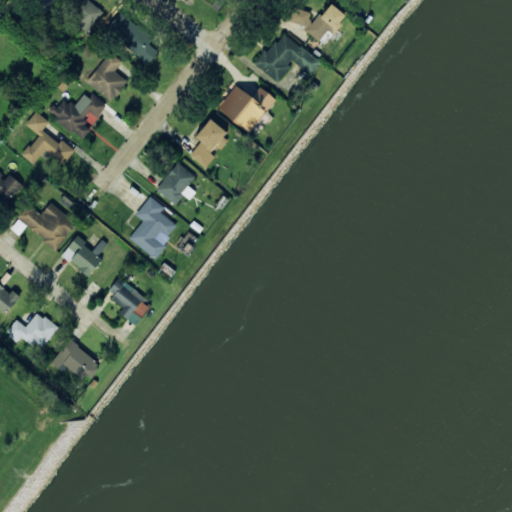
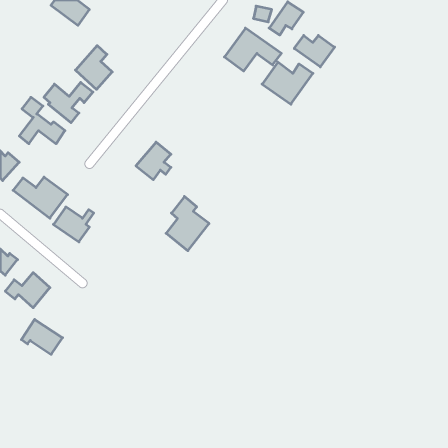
building: [106,11,158,64] -> none
building: none -> [294,35,335,67]
building: [217,84,275,132] -> [262,62,313,104]
building: [189,120,230,166] -> none
building: [129,195,178,257] -> [166,196,209,251]
building: [106,277,151,324] -> none
building: [52,340,99,380] -> [21,319,63,354]

